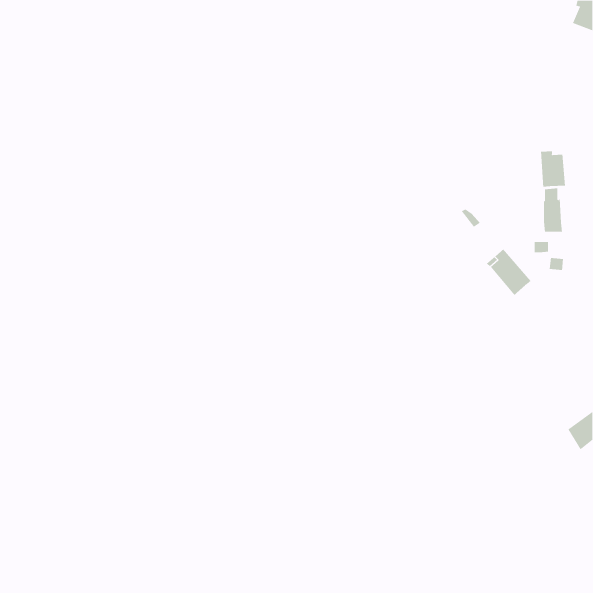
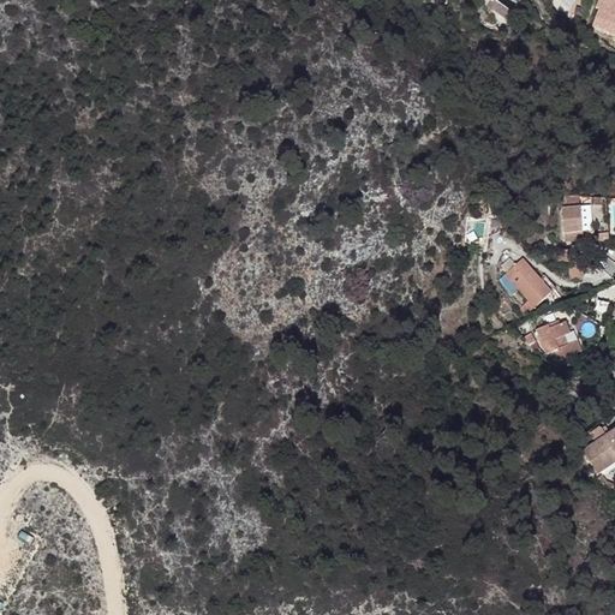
building: [540,150,565,187] -> none
building: none -> [536,320,580,359]

